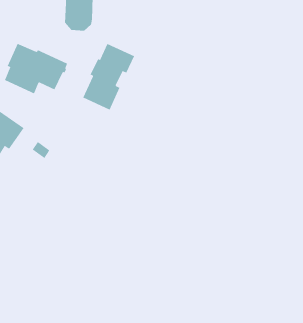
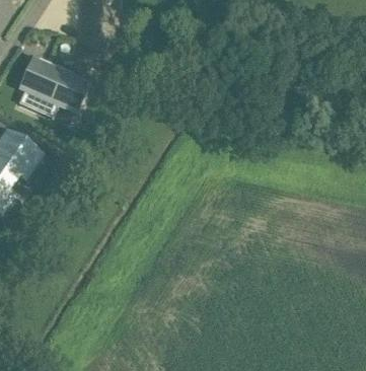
building: [82,43,135,111] -> none

